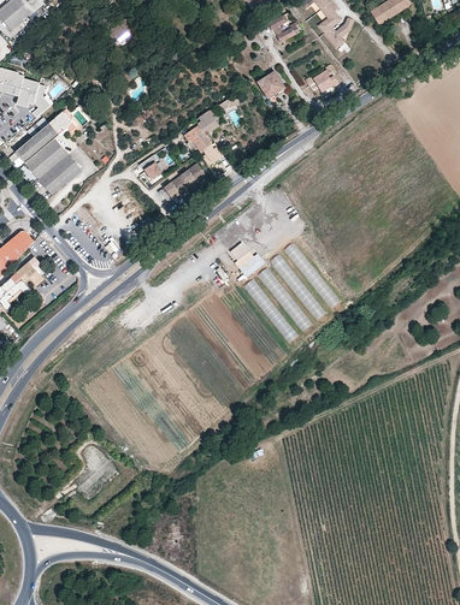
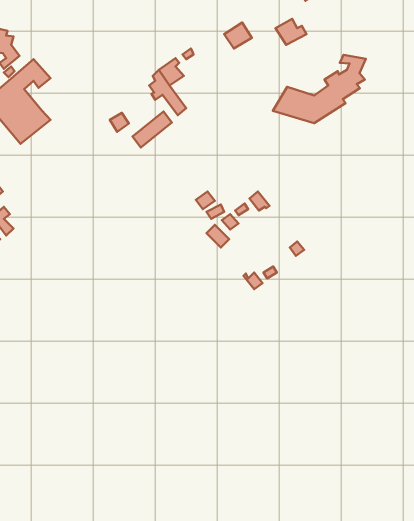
building: none -> [273,55,366,123]

